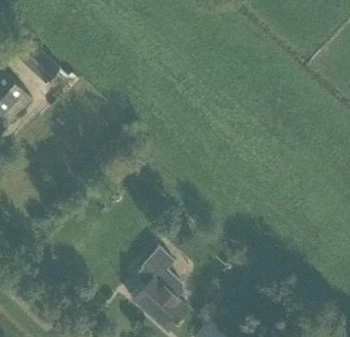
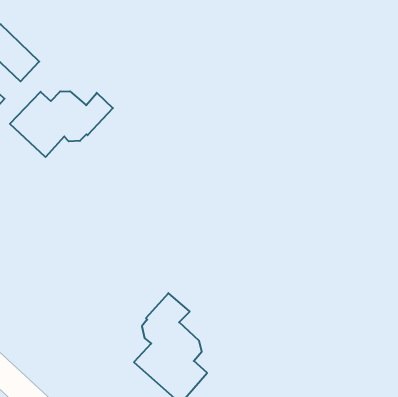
building: none -> [10,91,113,157]

